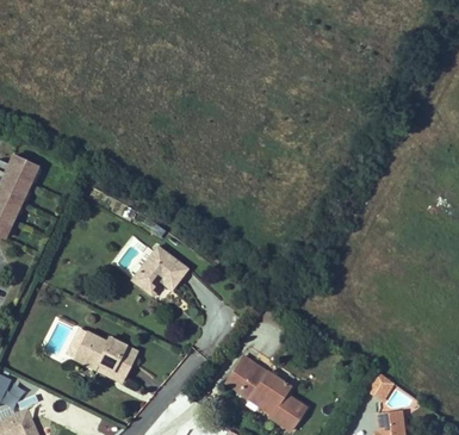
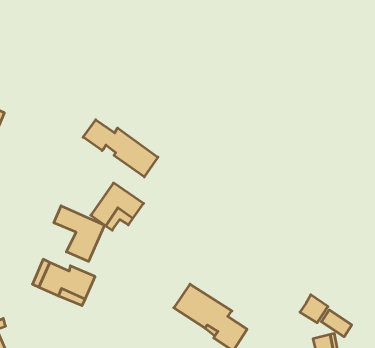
building: none -> [83,120,158,177]
building: none -> [54,206,104,261]

